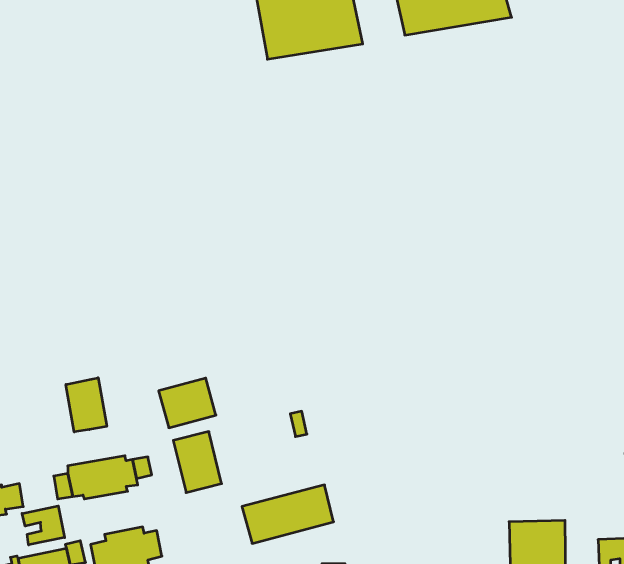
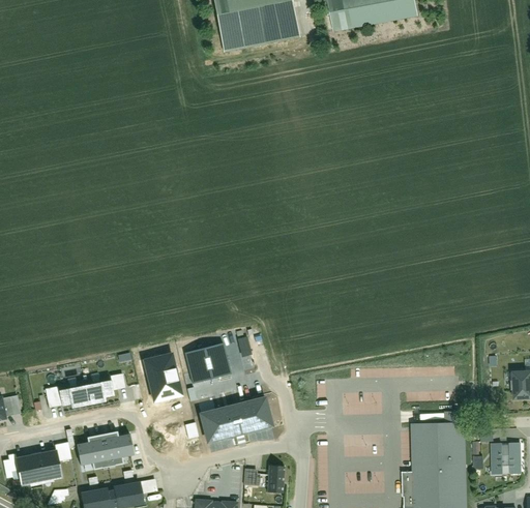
building: [66,378,107,432] -> none
building: [159,378,216,428] -> [185,345,232,385]
building: [22,506,65,545] -> none

